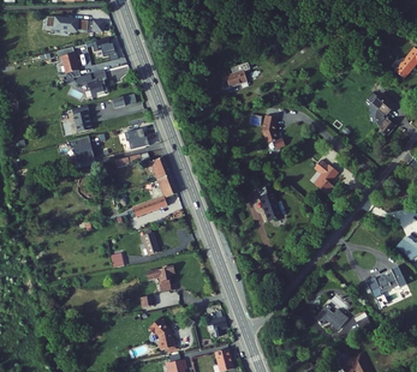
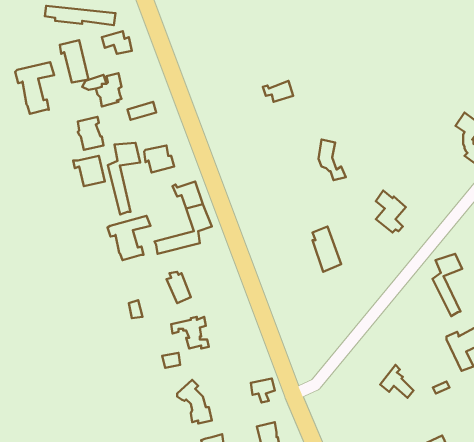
building: none -> [15,62,54,114]
building: none -> [108,143,140,215]
building: none -> [108,216,151,260]
building: none -> [433,254,462,316]

